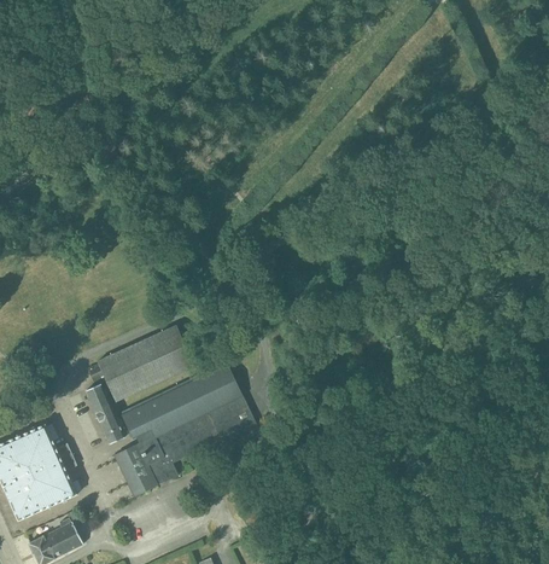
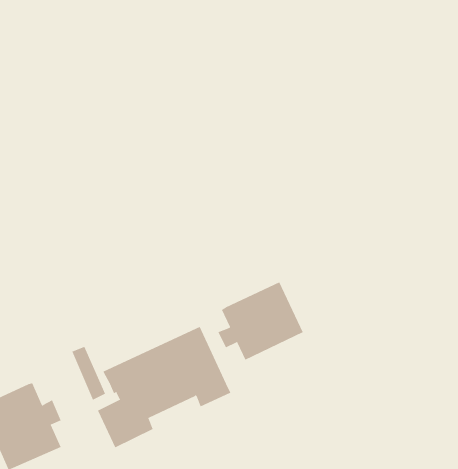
building: none -> [218,282,303,361]
building: [89,326,194,401] -> none

